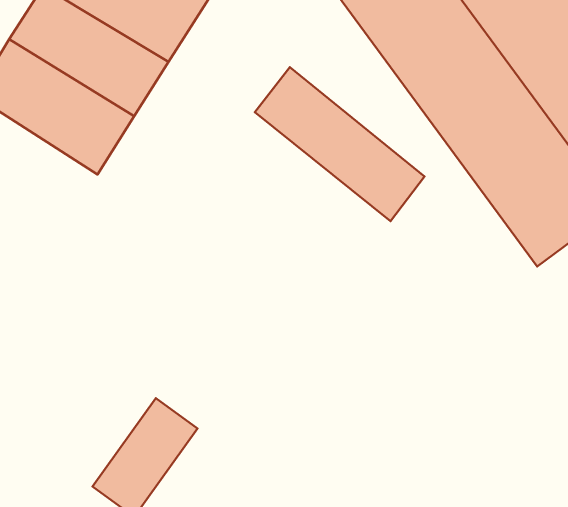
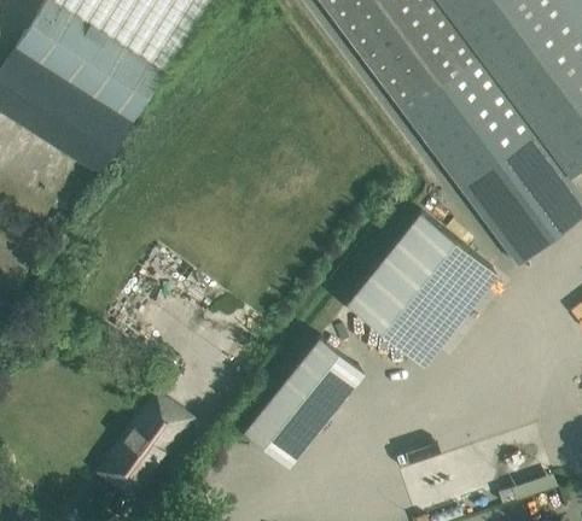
building: [255,67,425,221] -> none
building: none -> [347,210,497,364]
building: none -> [244,334,366,466]

